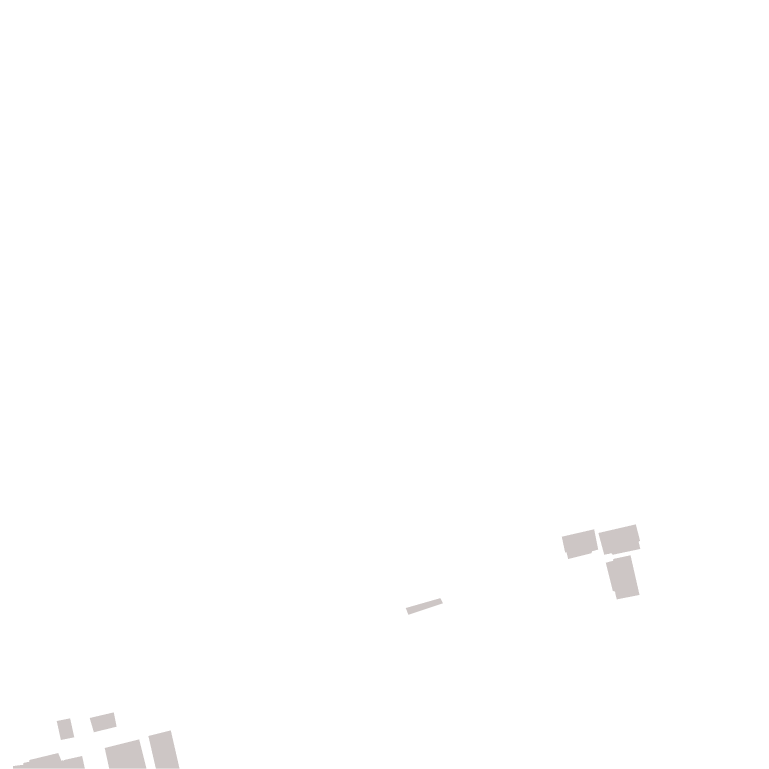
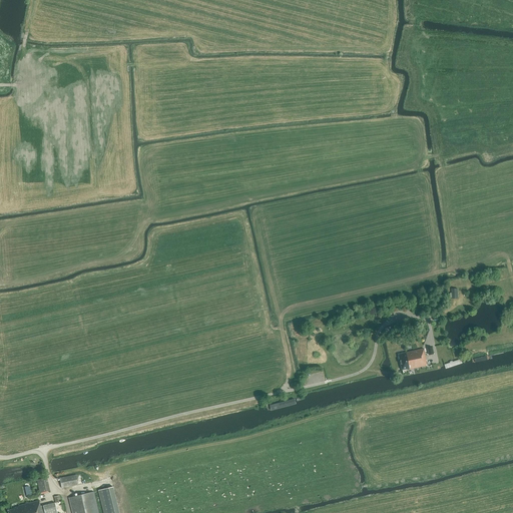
building: [561,529,599,560] -> none
building: [605,555,640,600] -> none

